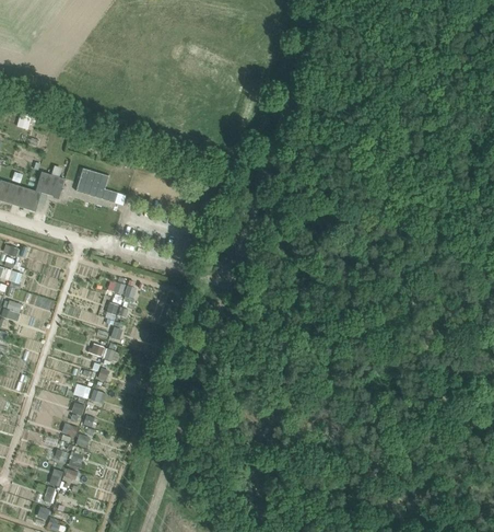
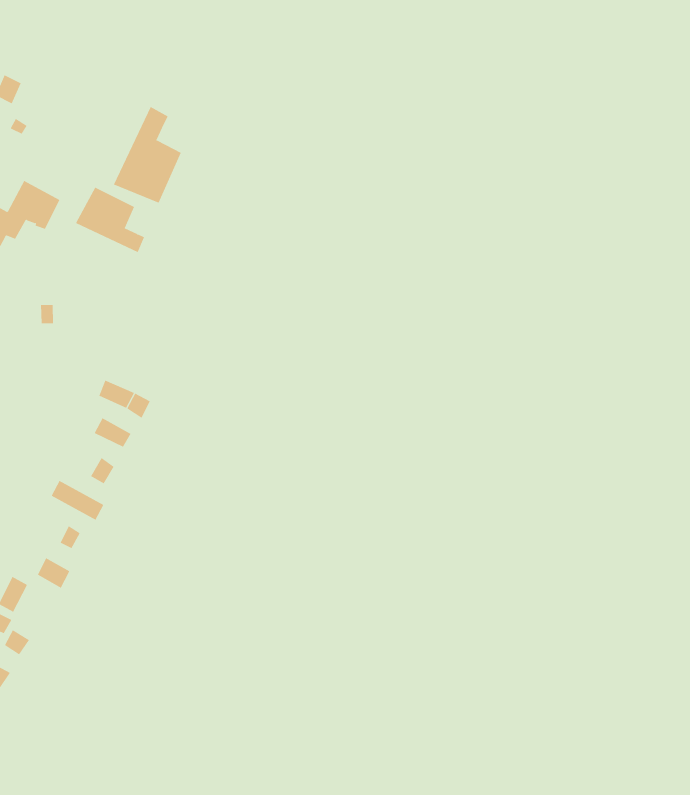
building: none -> [113,106,182,204]

